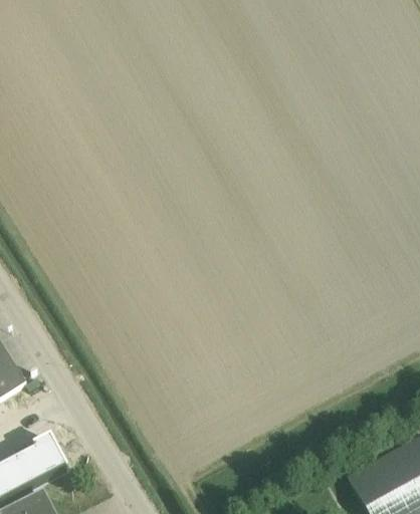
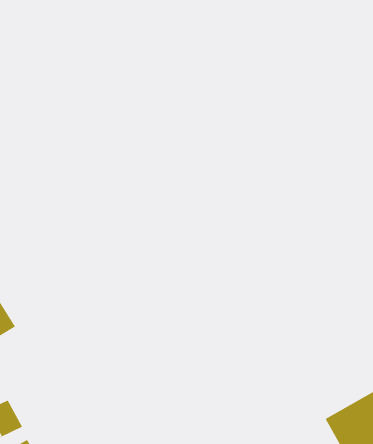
building: [17,435,67,485] -> none

